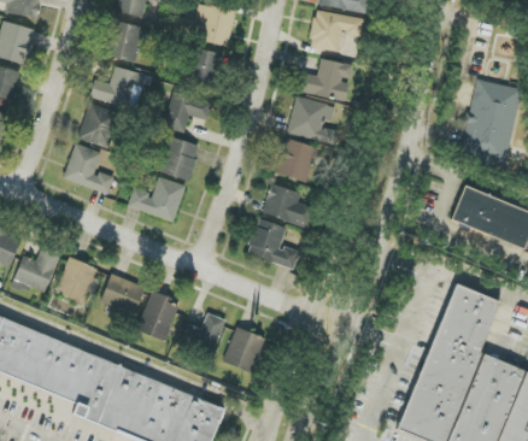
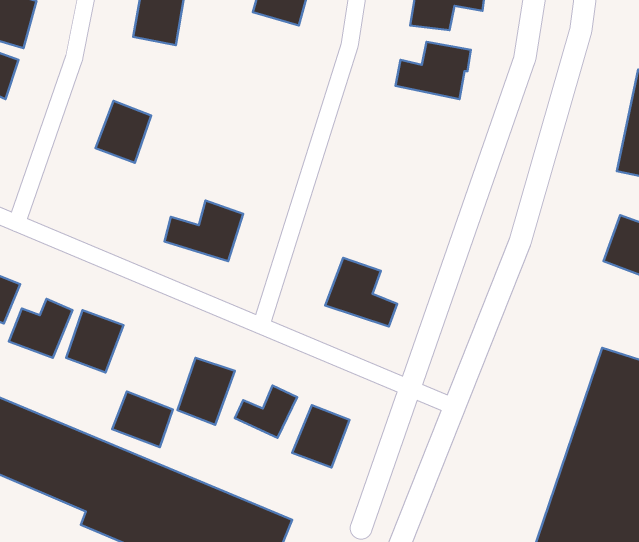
building: [186,47,221,89] -> none
building: [90,67,153,108] -> none
building: [163,90,213,133] -> none
building: [287,96,338,143] -> none
building: [156,135,200,181] -> none
building: [274,137,317,183] -> none
building: [63,143,113,195] -> none
building: [263,184,313,225] -> none
building: [99,275,143,316] -> [112,392,173,447]

